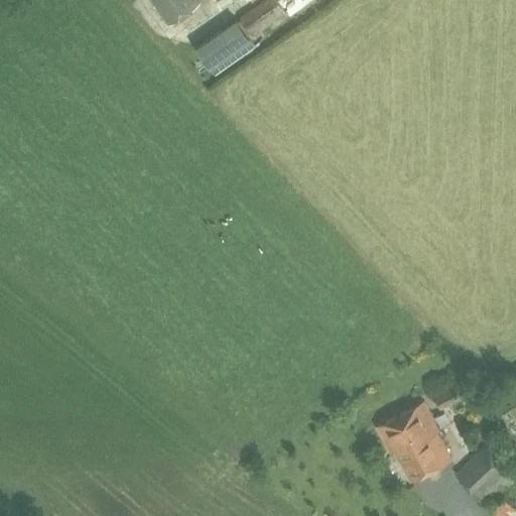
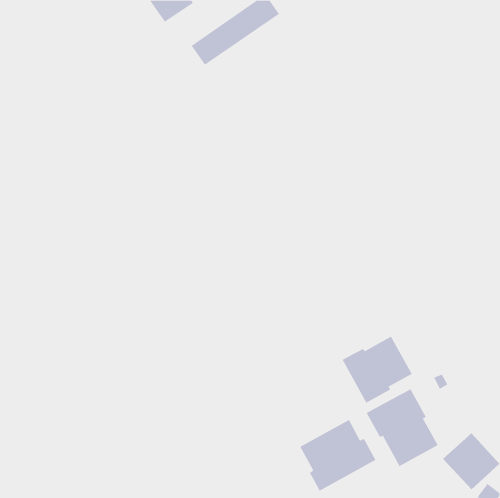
building: none -> [342,336,412,403]
building: none -> [299,419,376,492]

